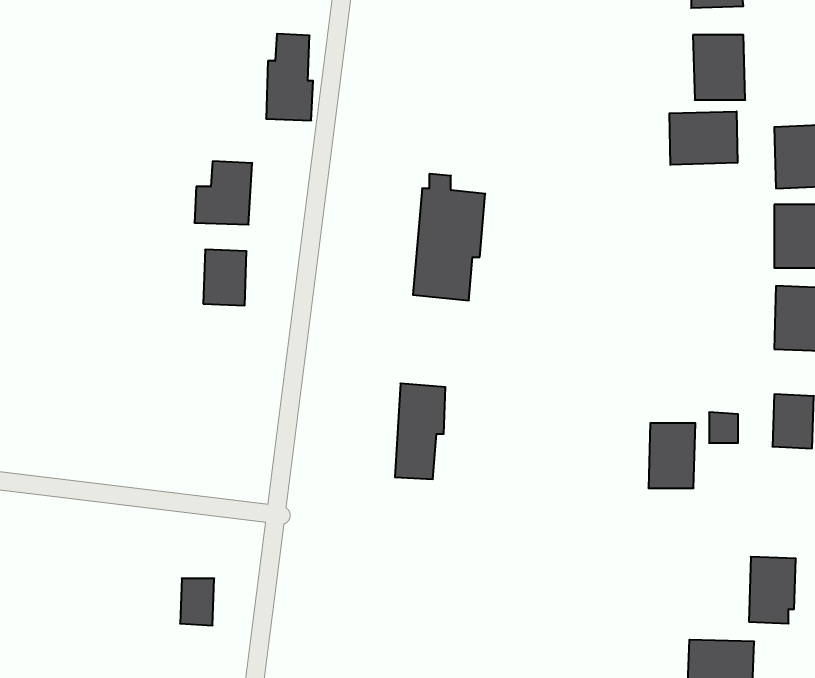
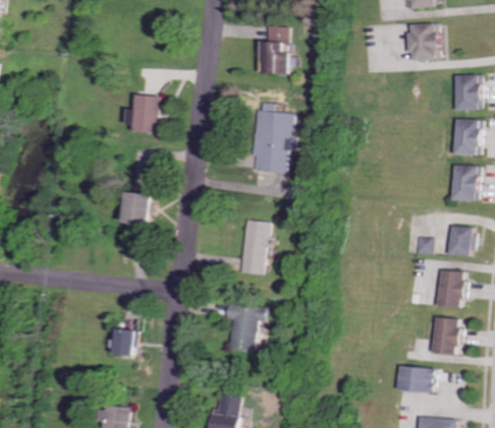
building: [266,34,313,120] -> [259,26,285,75]
building: [669,111,737,165] -> none
building: [203,250,247,305] -> [126,194,151,226]
building: [648,423,695,488] -> [441,271,468,308]
building: none -> [223,304,262,351]

